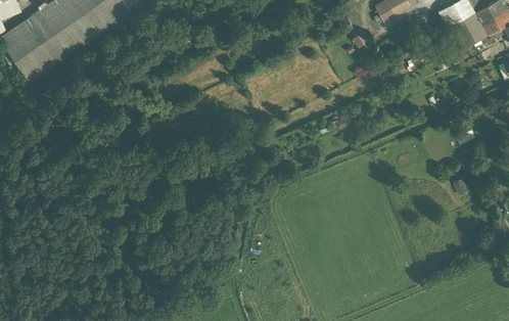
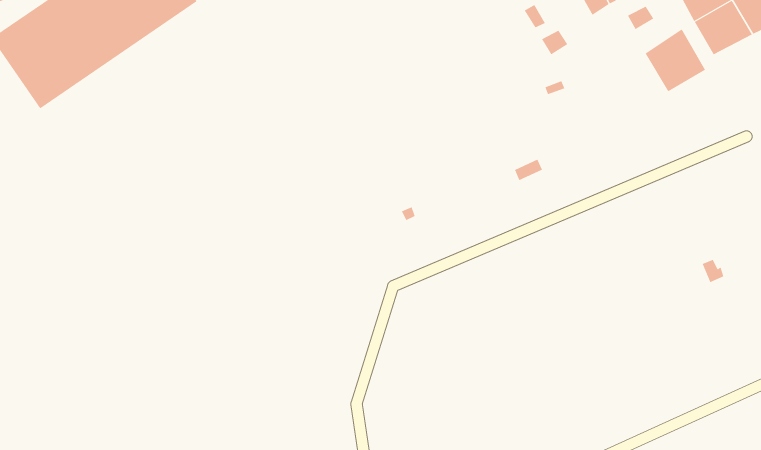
building: none -> [645,29,706,92]

